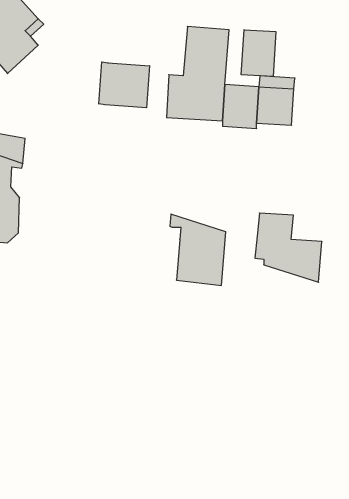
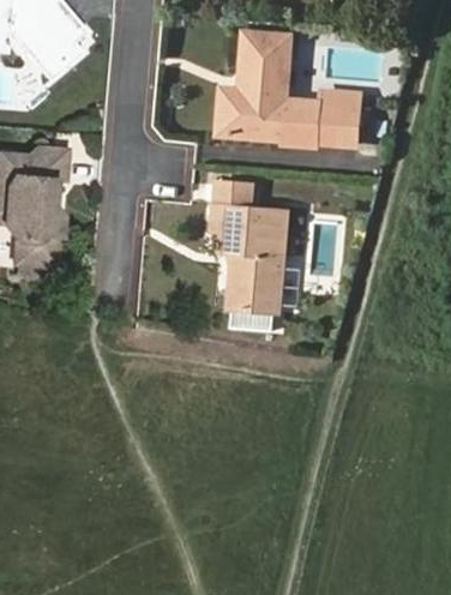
building: [241,30,276,77] -> none
building: [99,62,150,108] -> none
building: [255,213,322,282] -> [215,181,288,257]

